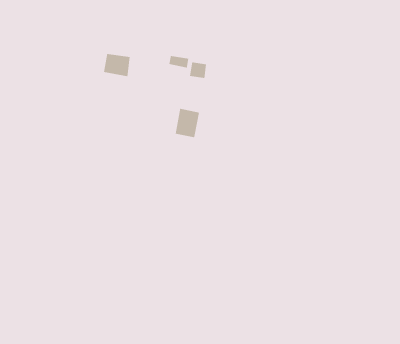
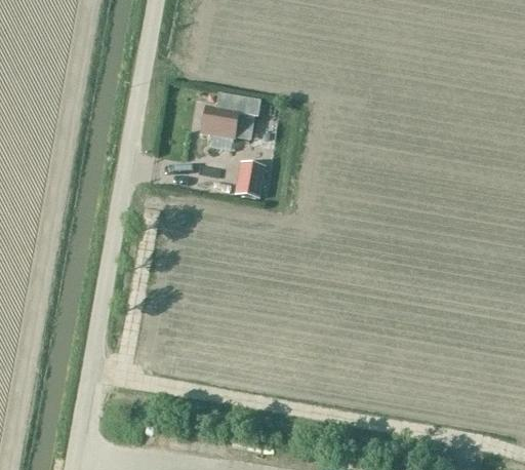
building: [103,54,130,77] -> [202,109,237,139]

